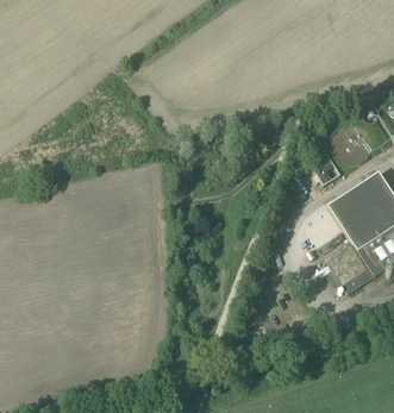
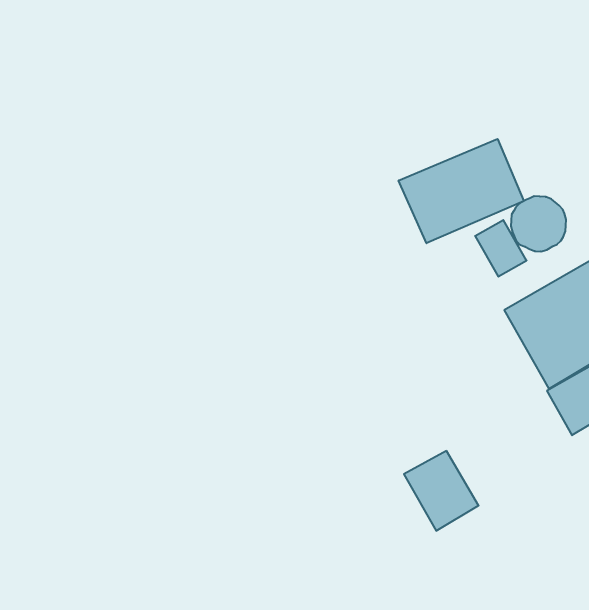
building: none -> [399,139,524,243]
building: [327,243,374,292] -> [404,451,479,531]

